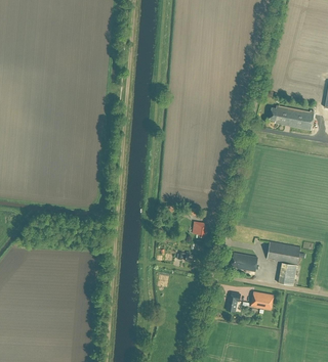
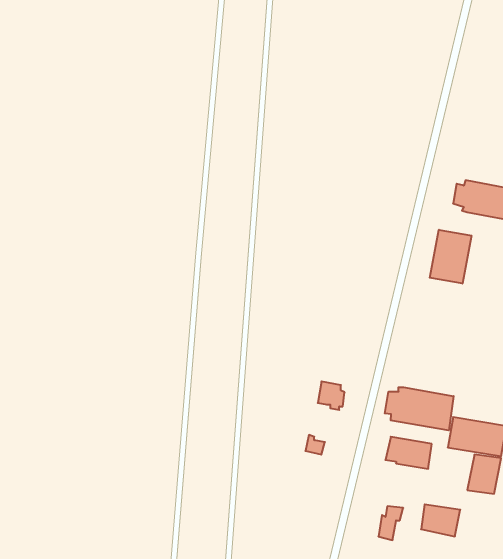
building: none -> [430,230,471,284]
building: none -> [385,387,454,430]

